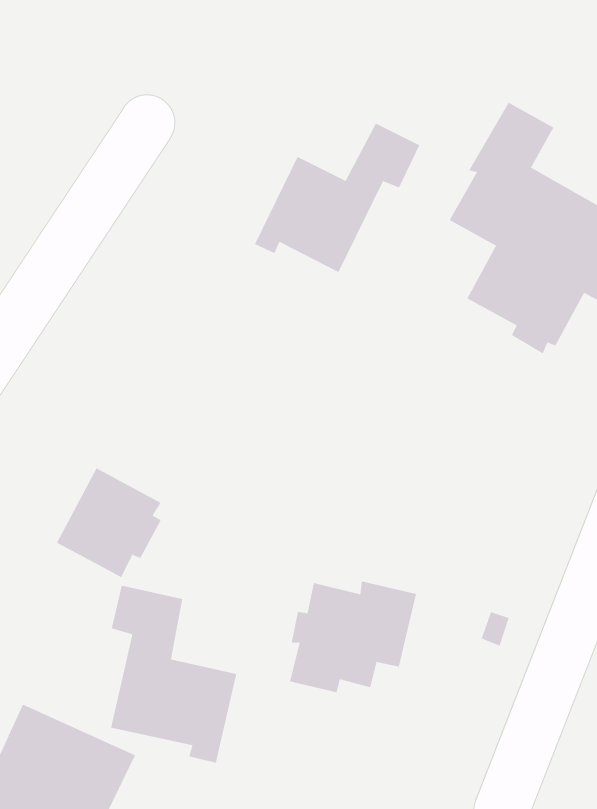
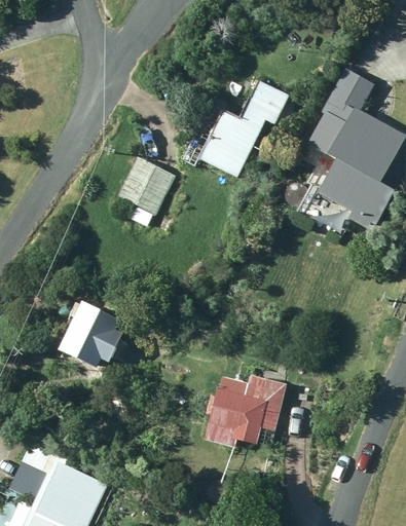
building: none -> [118,156,176,225]
building: [110,585,237,764] -> none

